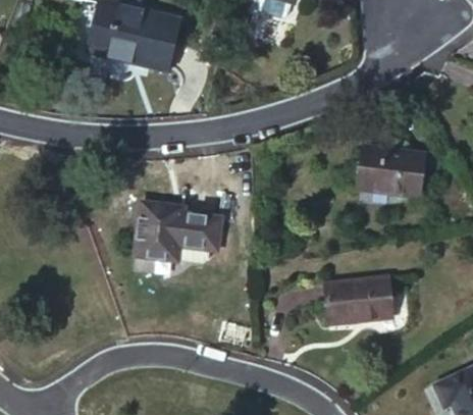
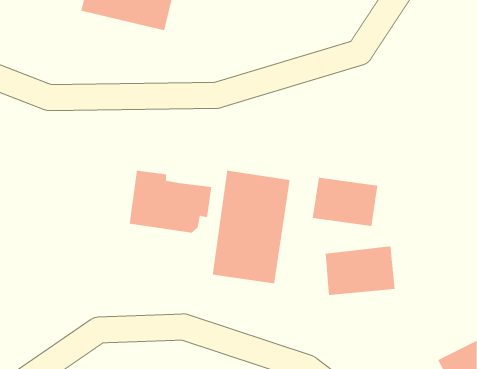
building: [360,149,424,197] -> [312,177,378,227]
building: none -> [212,170,290,284]

